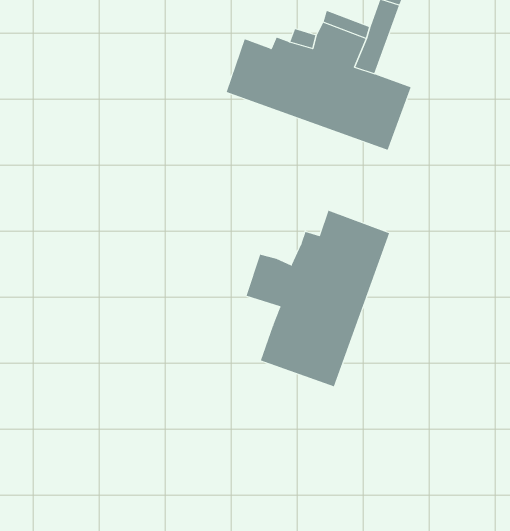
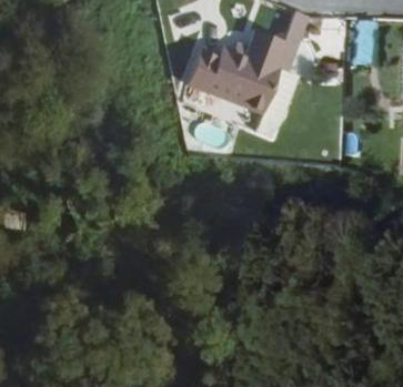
building: [246,210,390,387] -> none

